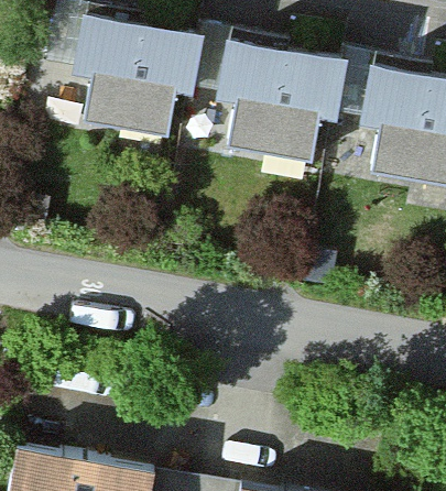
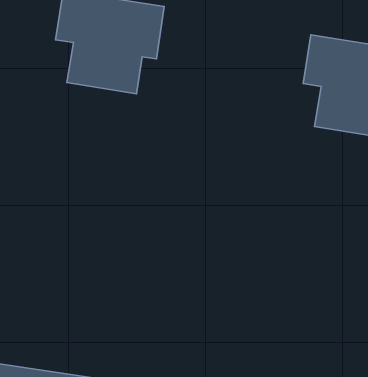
building: [221,40,347,160] -> none

